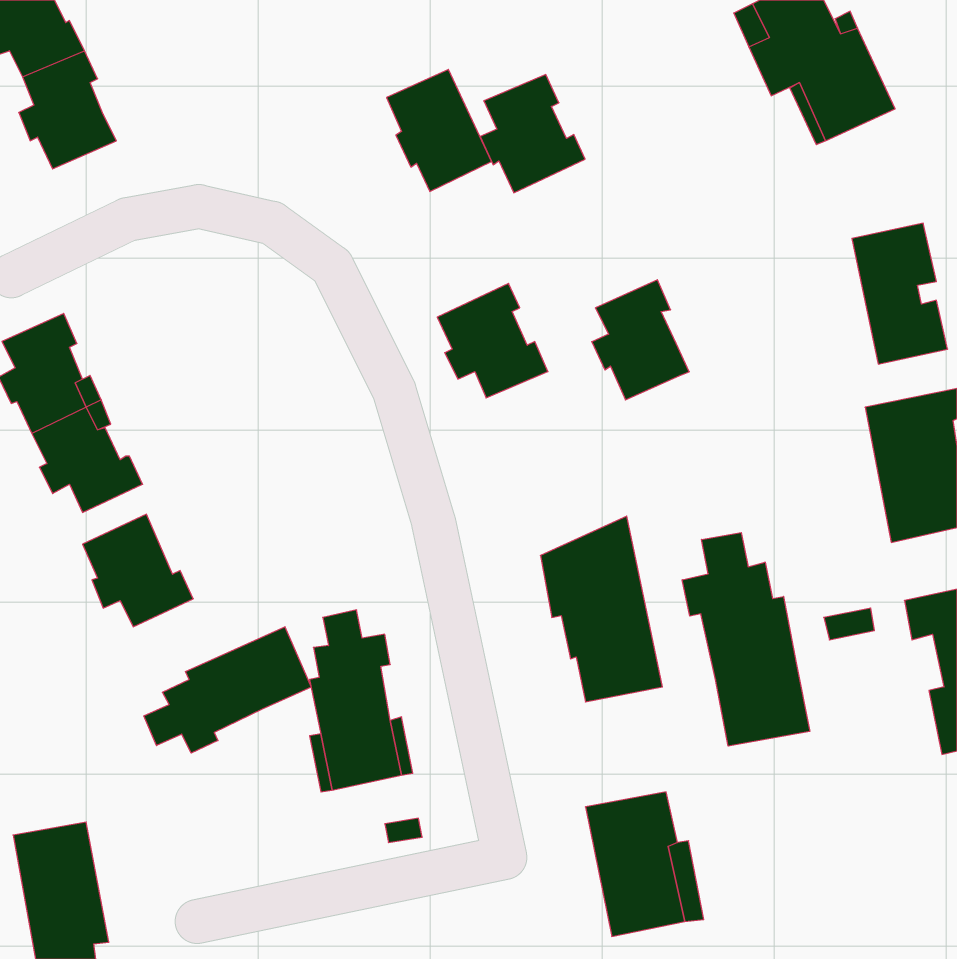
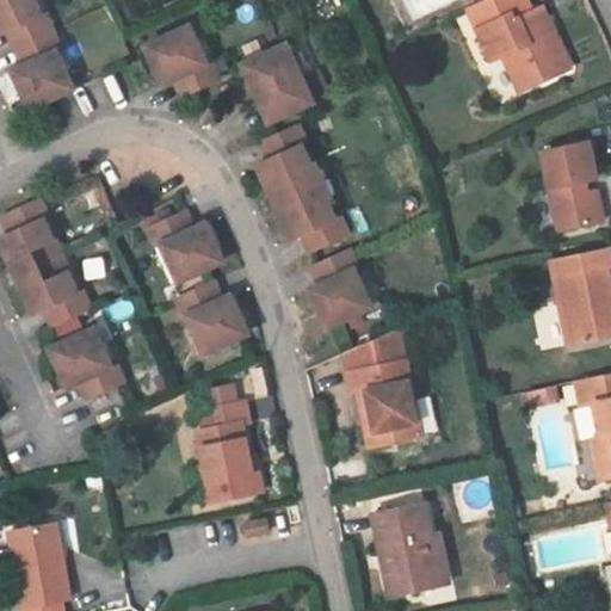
building: none -> [148,26,220,98]
building: [480,75,585,193] -> [257,126,323,202]
building: [592,280,689,400] -> [309,251,371,327]
building: none -> [148,212,218,283]
building: none -> [177,283,243,354]
building: [682,533,810,746] -> none
building: [144,627,311,753] -> none

